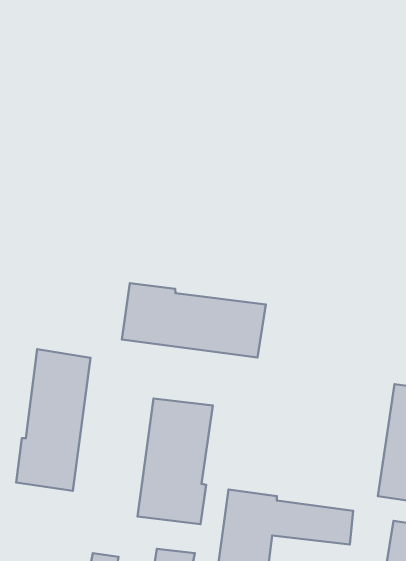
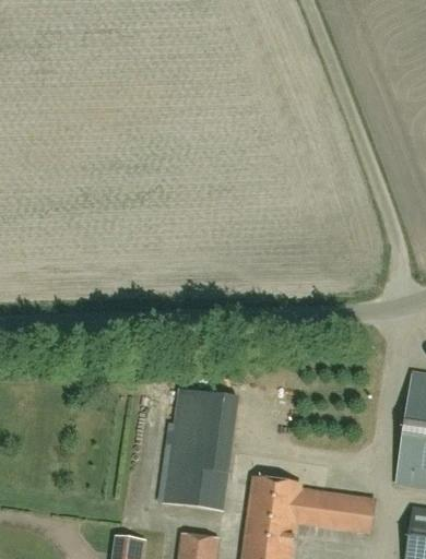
building: [122,283,266,358] -> none
building: [16,349,91,491] -> none

